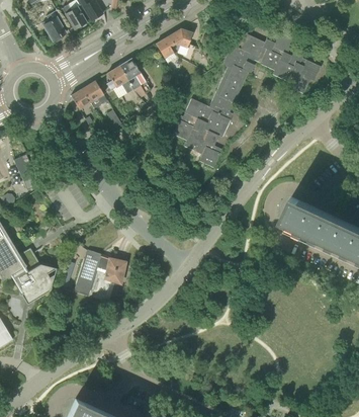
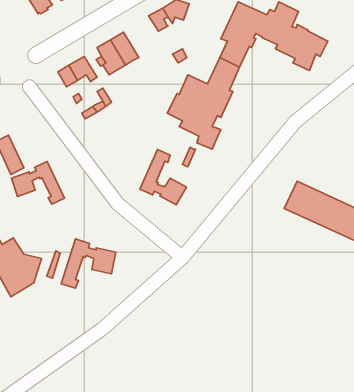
building: none -> [140,149,187,205]
building: none -> [12,161,64,204]

